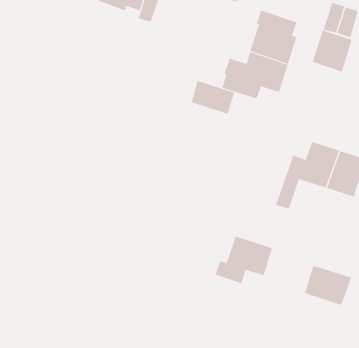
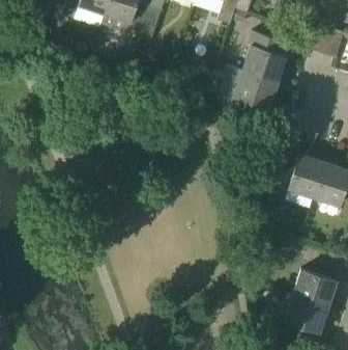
building: [312,30,352,72] -> none
building: [191,80,235,115] -> none
building: [215,236,273,284] -> [273,295,327,340]

